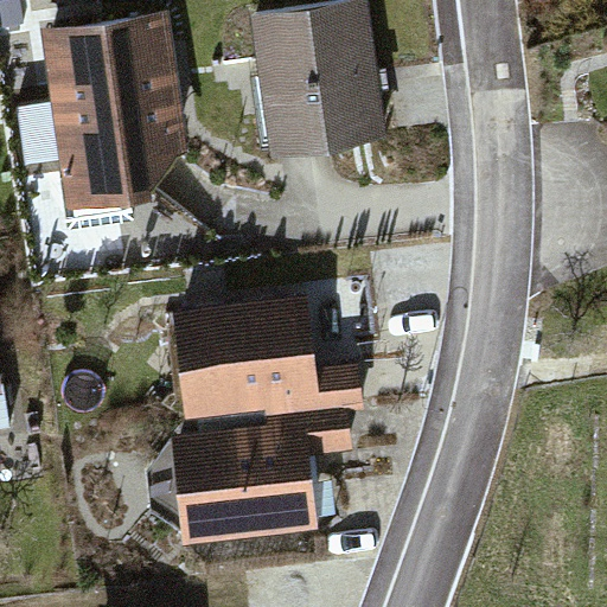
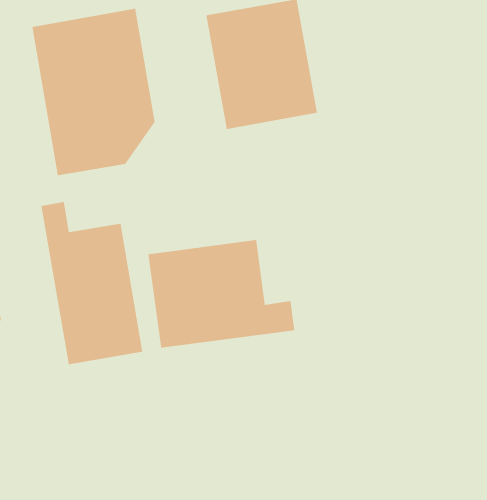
building: none -> [40,201,143,365]
building: [171,409,347,541] -> none

